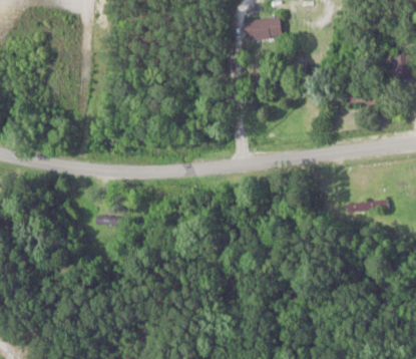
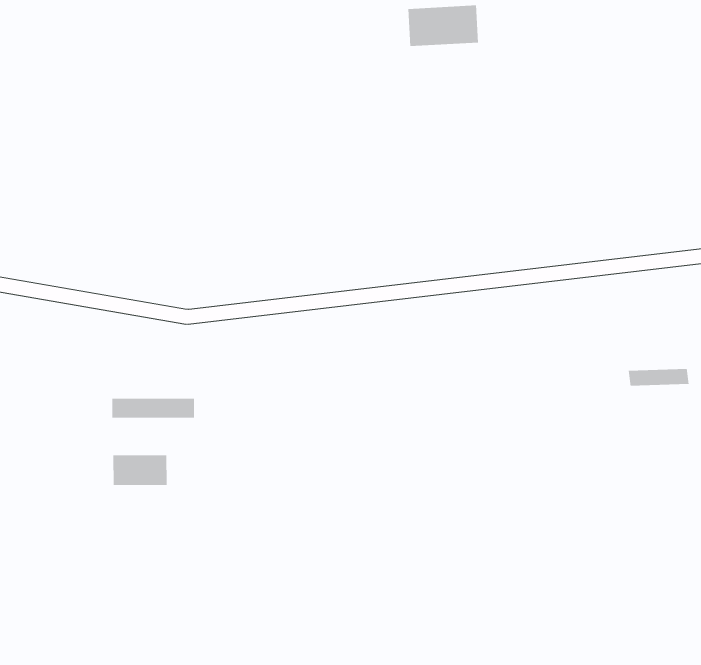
building: none -> [113,454,167,486]

